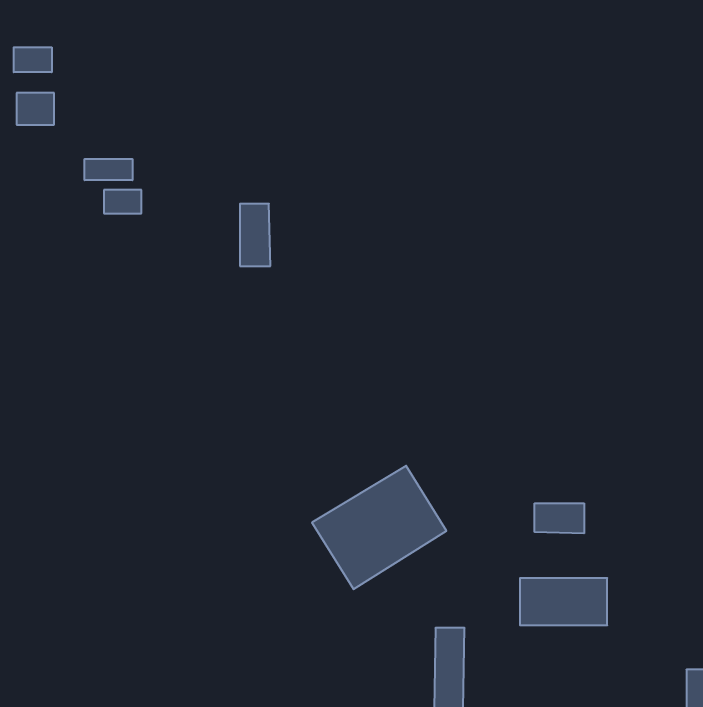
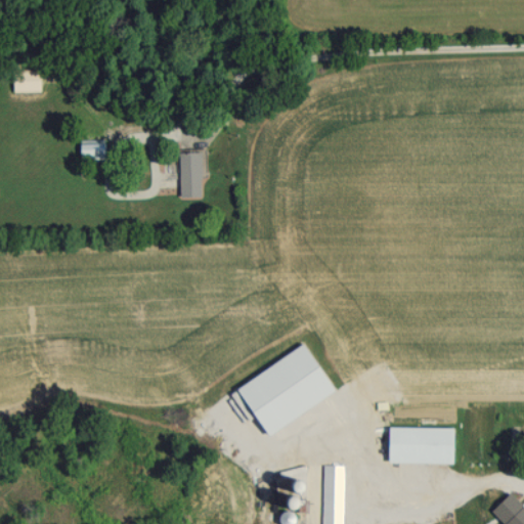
building: [14,47,52,72] -> none
building: [85,159,132,180] -> none
building: [535,503,584,533] -> none

